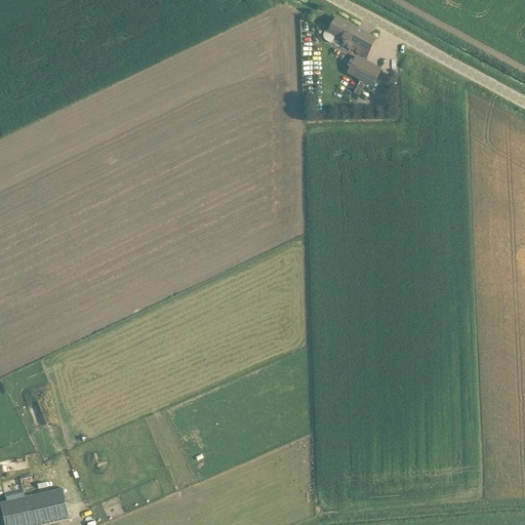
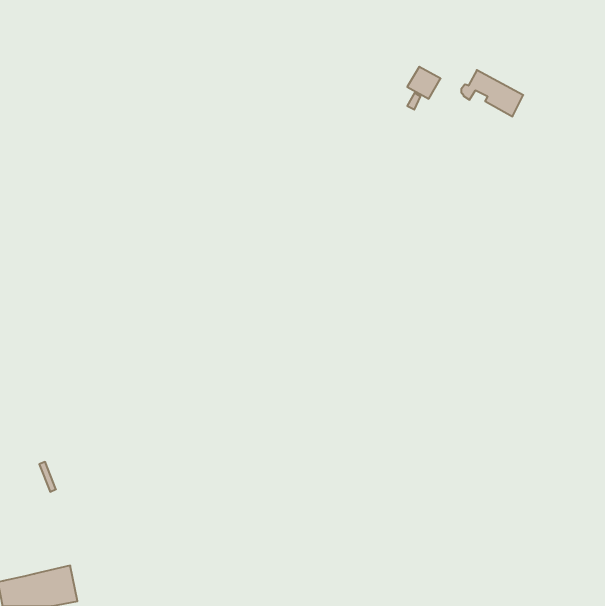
building: [320,16,373,56] -> [461,70,523,116]

